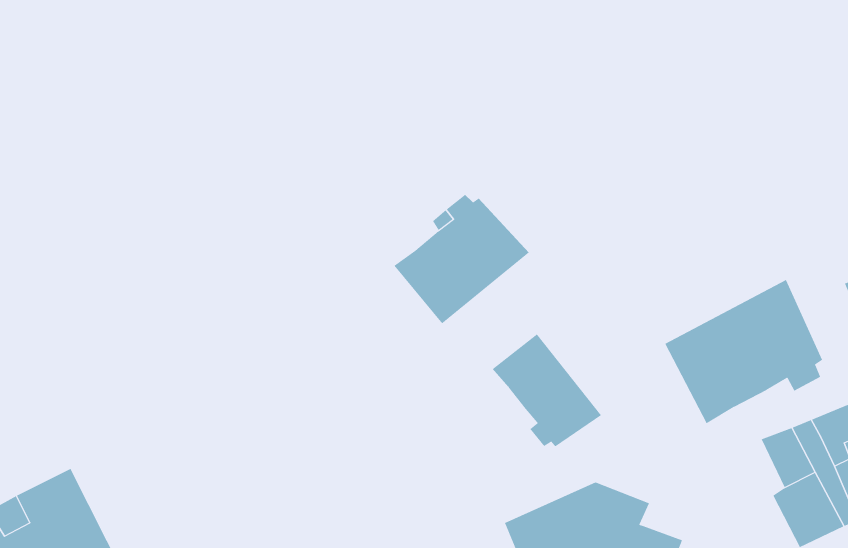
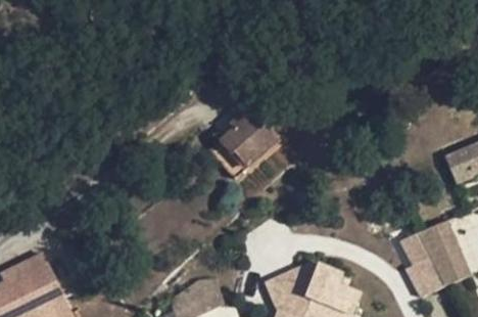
building: [665,279,823,424] -> none
building: [492,333,602,447] -> none

